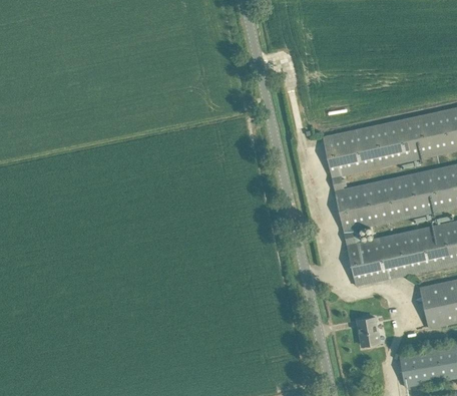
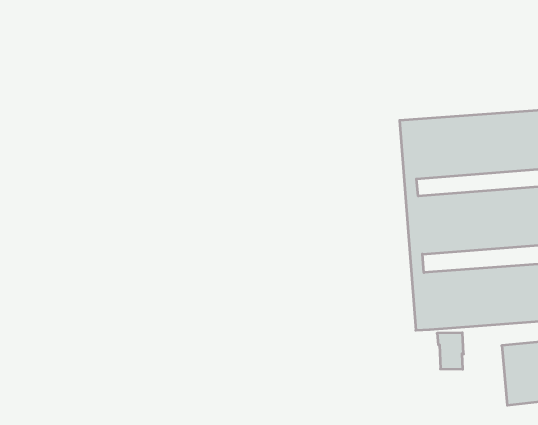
building: [357,316,379,344] -> [437,333,464,369]

